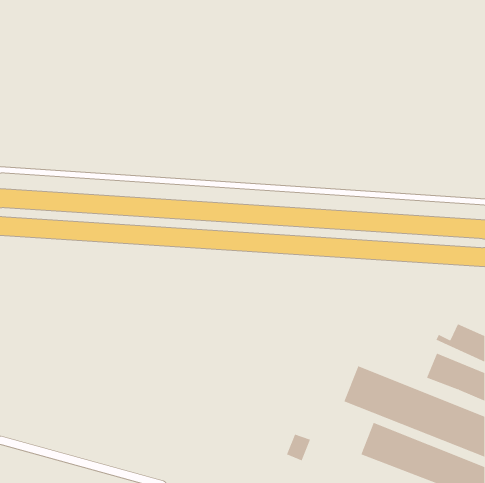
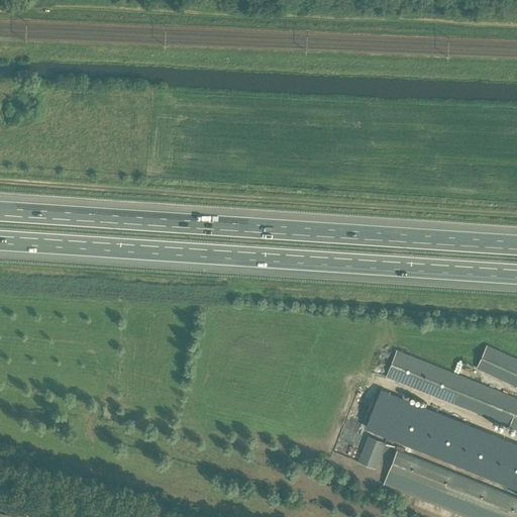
building: none -> [387,350,464,404]
building: [286,434,311,461] -> [358,440,385,470]

